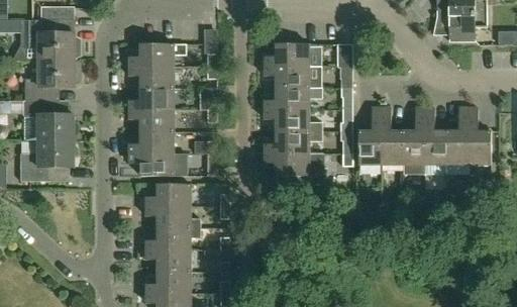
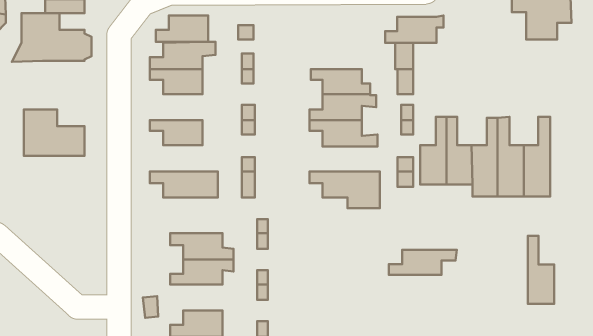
building: [266,42,315,66] -> [385,16,444,43]
building: [25,59,80,100] -> none
building: [129,87,174,109] -> [156,16,208,42]
building: [469,106,491,164] -> [528,236,554,304]
building: [129,130,174,152] -> none
building: [265,131,322,152] -> [389,250,457,275]
building: [19,139,74,180] -> none
building: [146,183,191,205] -> none
building: [146,248,191,271] -> none

